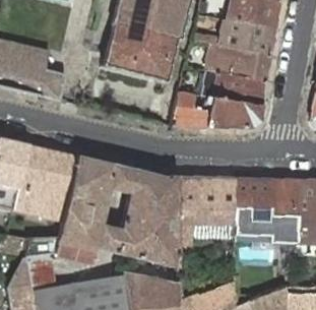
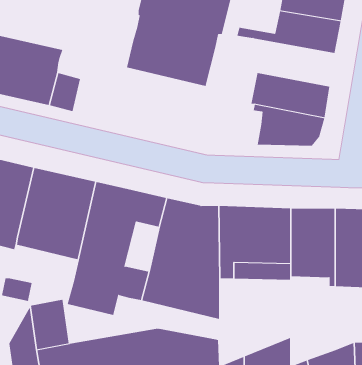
building: [202,43,270,81] -> none
building: [170,90,210,128] -> none

